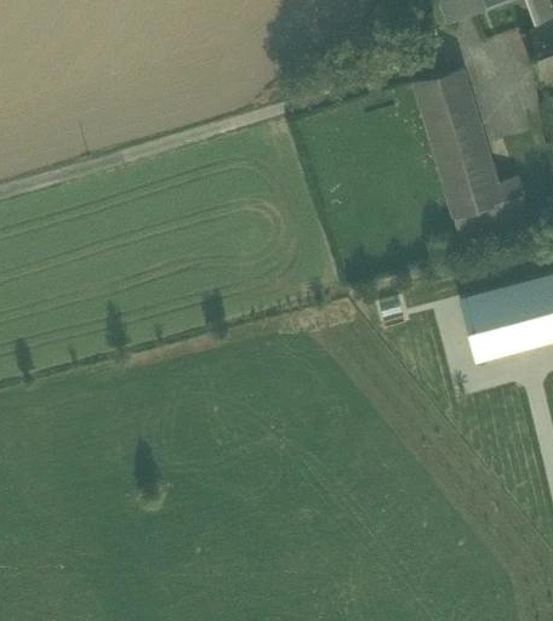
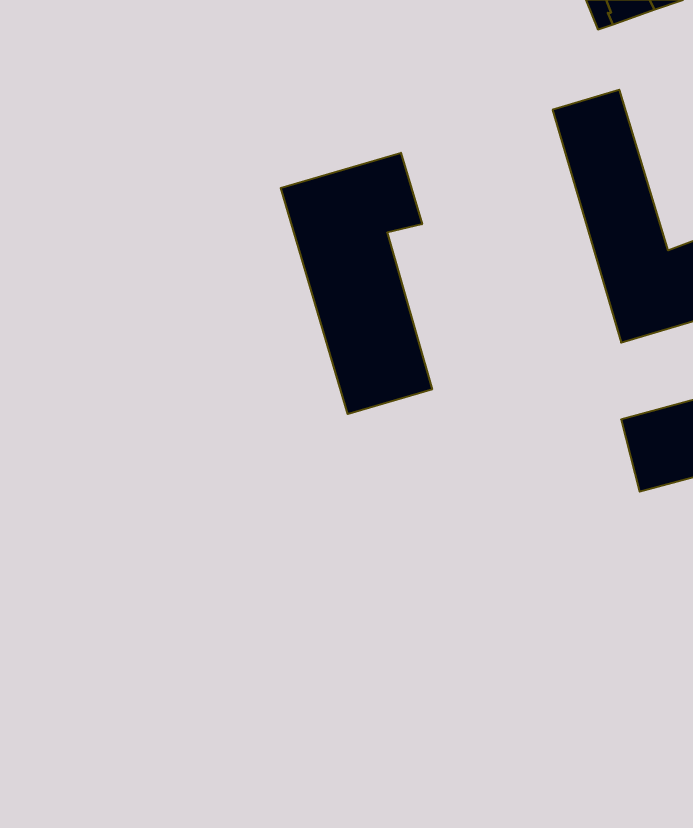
building: none -> [281,153,432,414]

